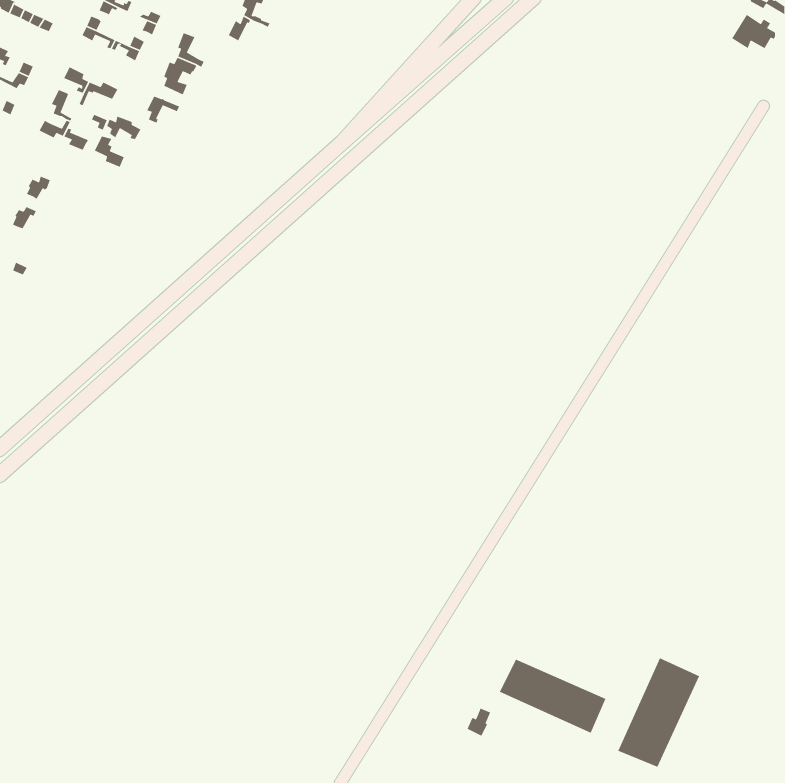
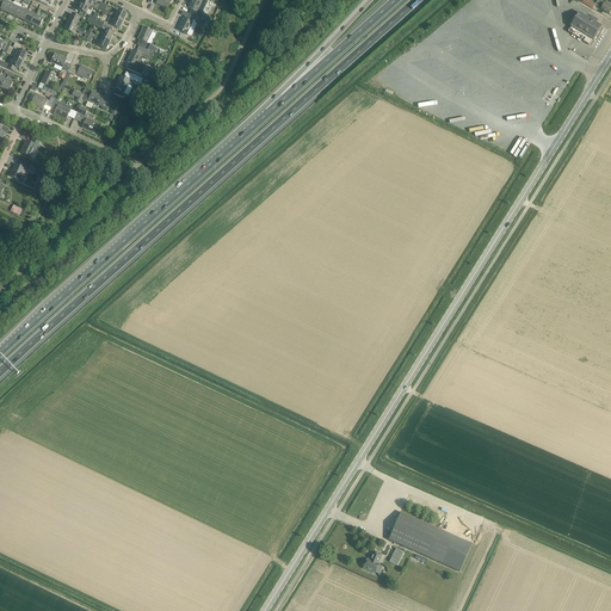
building: [617,657,700,768] -> none

